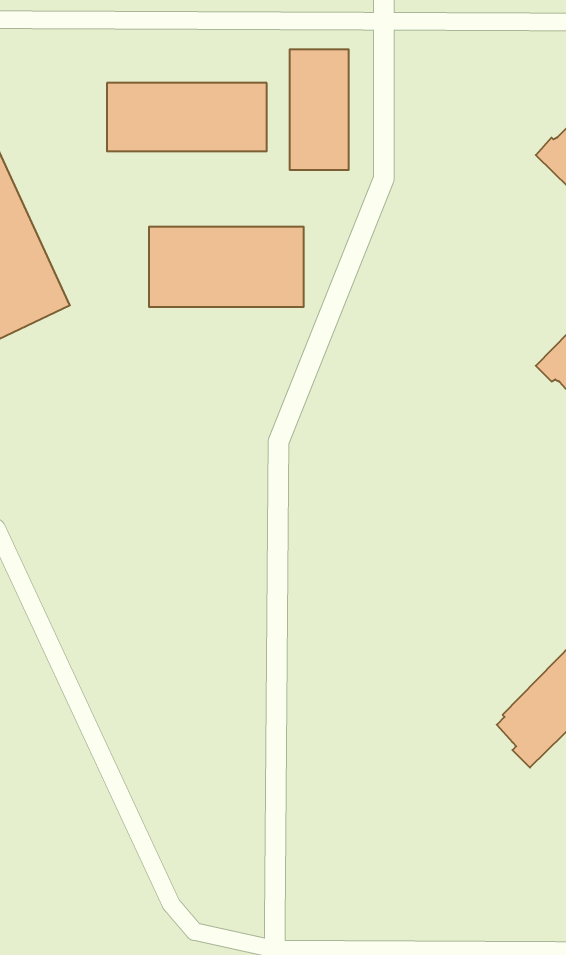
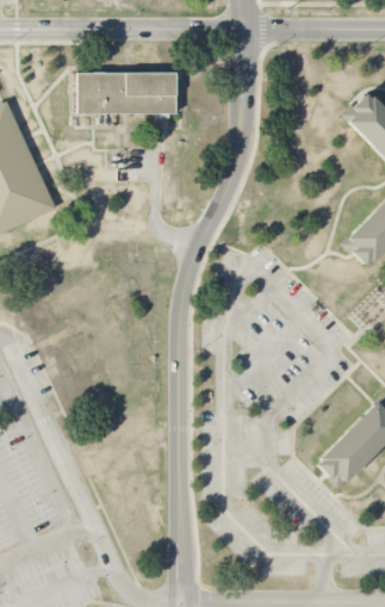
building: [290,49,349,170] -> none
building: [149,227,304,307] -> none

